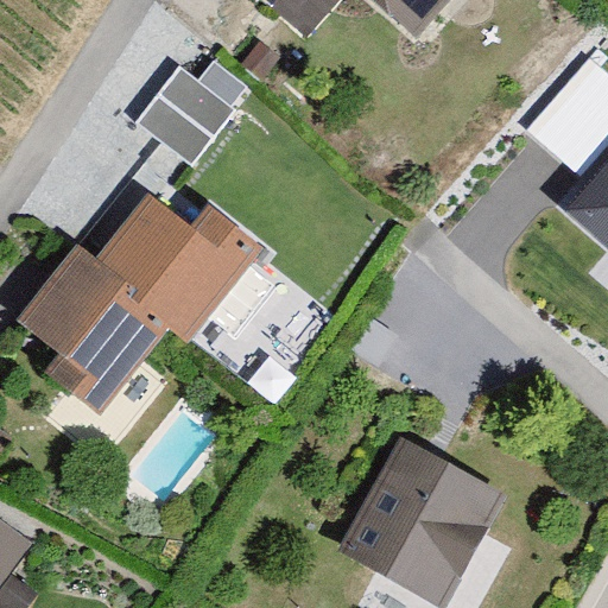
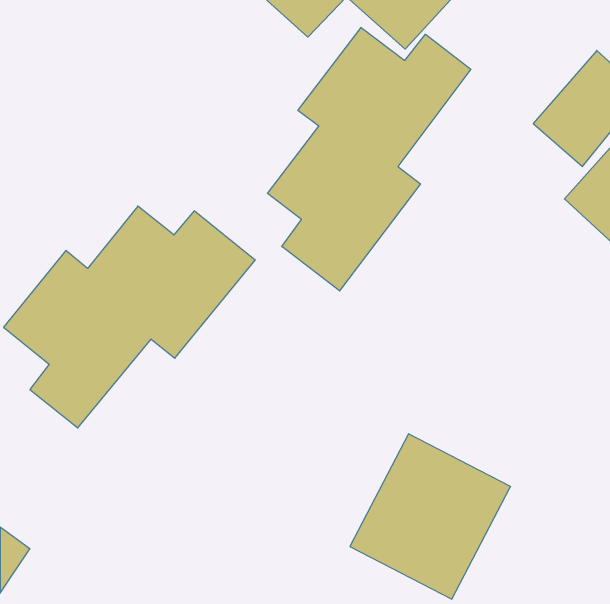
building: none -> [268,27,471,291]
building: [144,64,238,157] -> none

